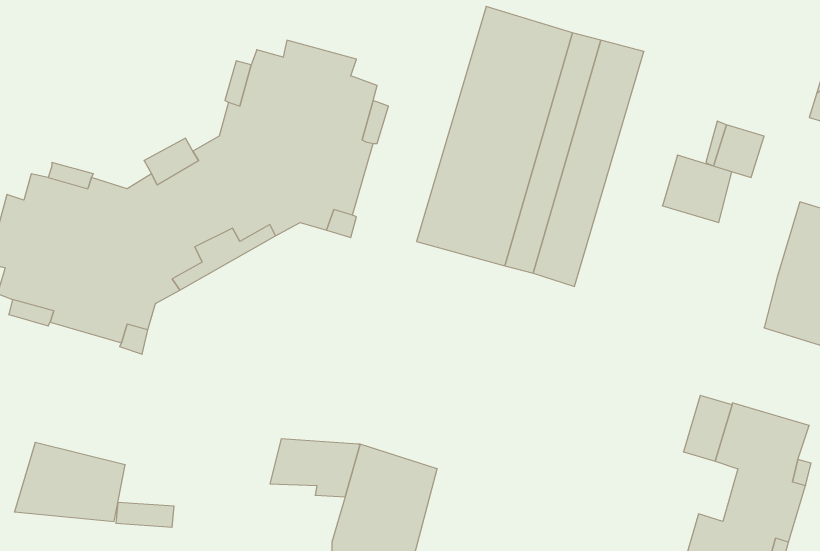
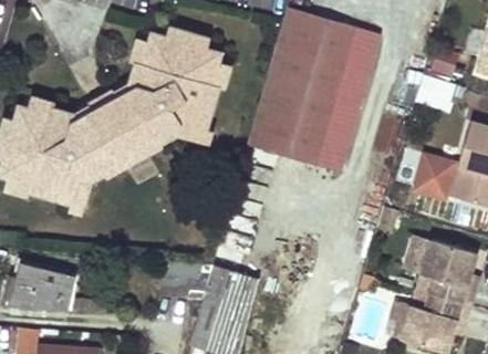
building: [662,155,732,223] -> [417,156,458,196]

